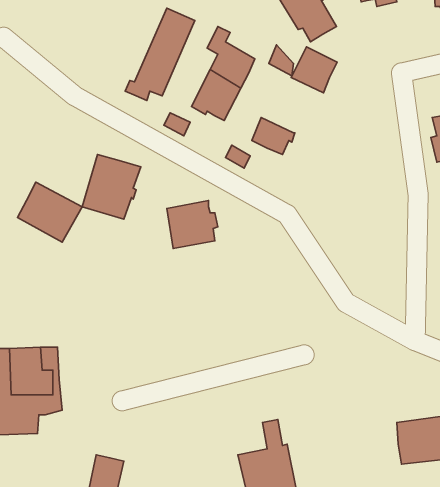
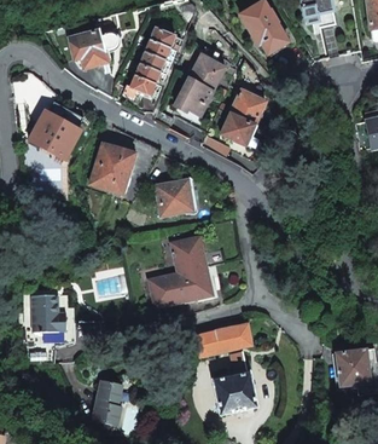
building: none -> [69,29,115,73]
building: [291,47,337,93] -> [229,90,266,126]
building: [17,182,82,242] -> [30,111,81,158]
building: none -> [149,236,213,307]
building: none -> [188,324,252,358]

